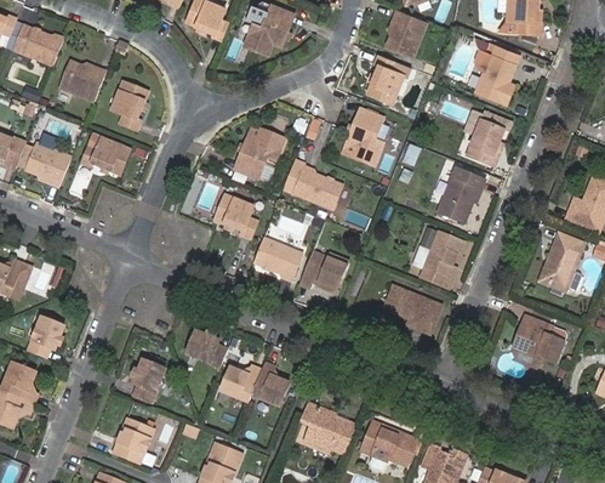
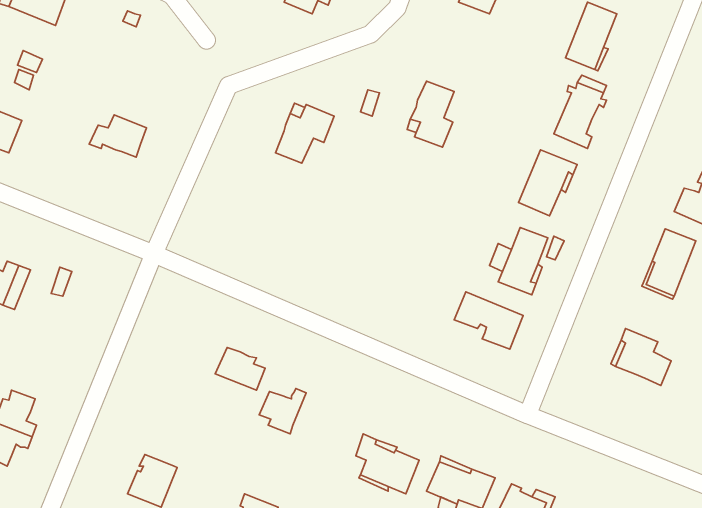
building: [367,55,403,102] -> none
building: [61,61,105,100] -> none
building: [112,81,147,130] -> none
building: [27,144,70,187] -> none
building: [293,166,342,209] -> none
building: [215,195,256,238] -> none
building: [253,239,301,280] -> none
building: [299,252,347,294] -> none
building: [28,320,63,360] -> none
building: [133,359,166,403] -> none
building: [250,363,289,403] -> none

